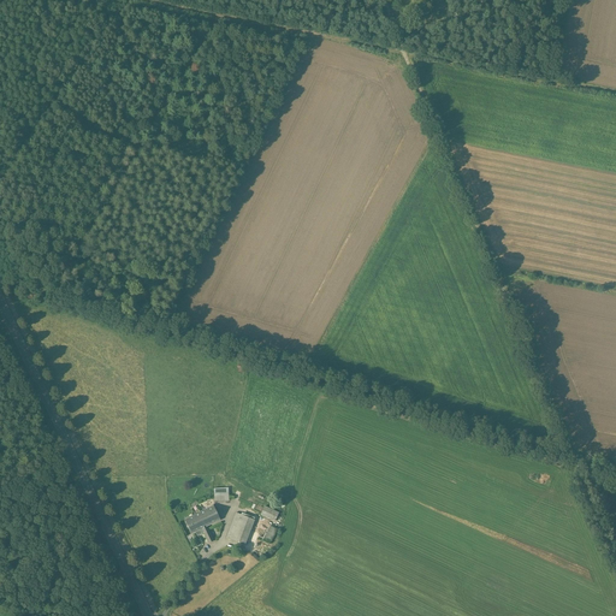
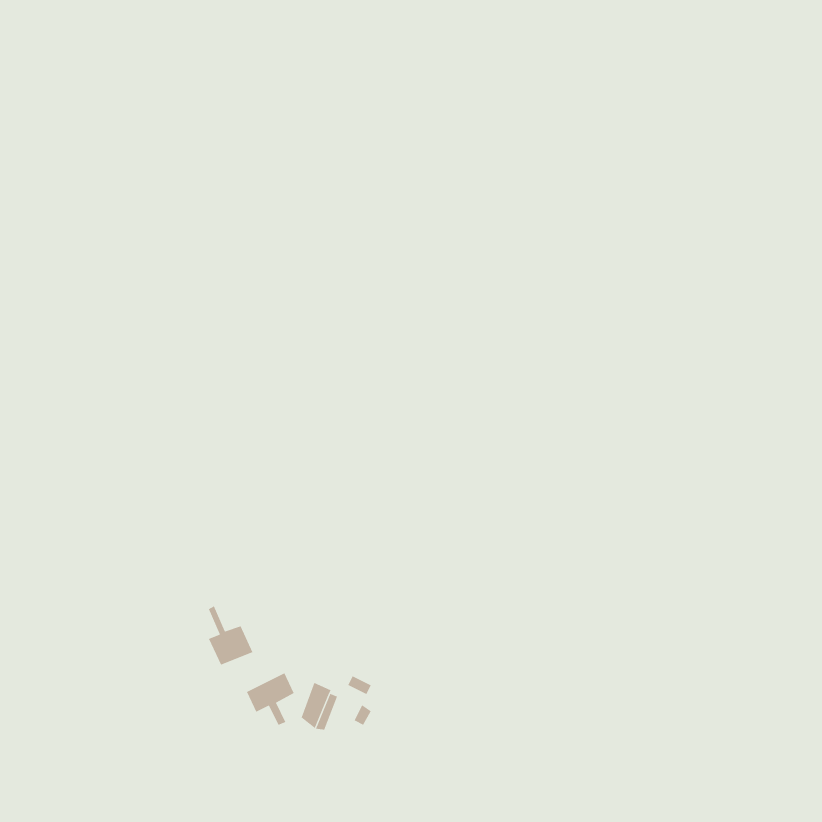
building: none -> [208,605,253,665]

